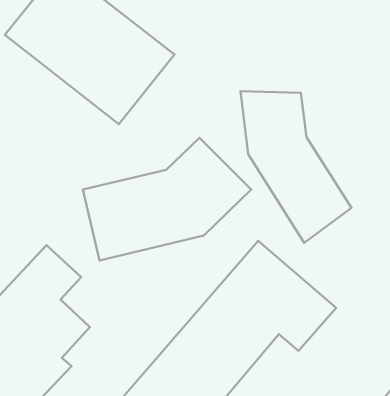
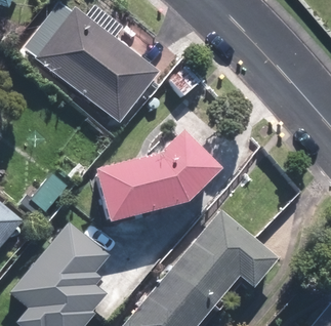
building: [241,91,352,243] -> none

